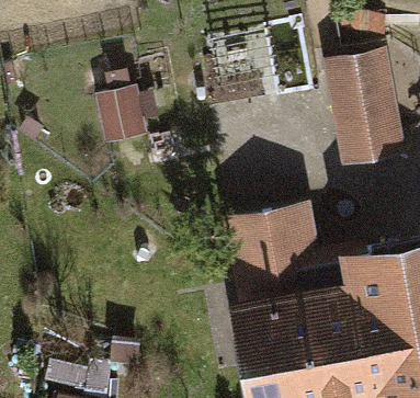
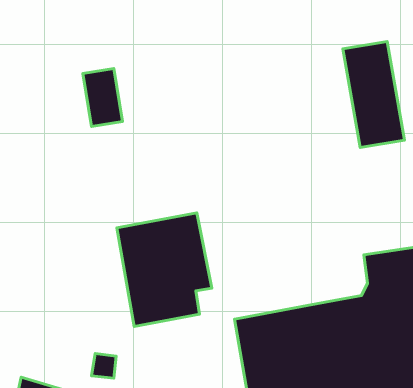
building: [231,206,316,307] -> [117,213,212,326]

